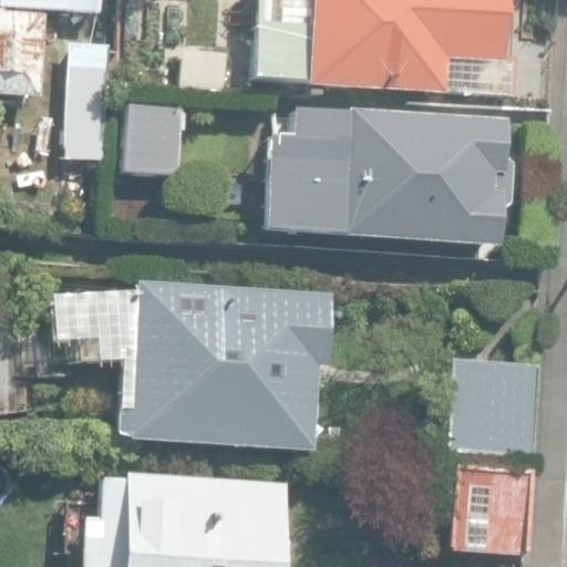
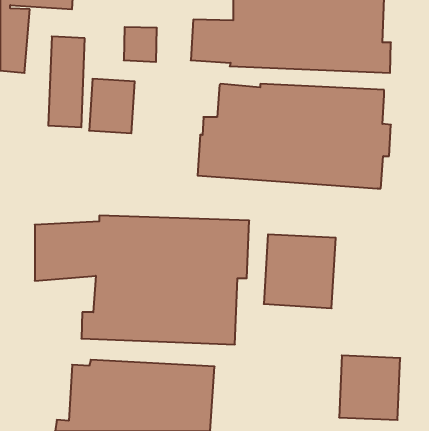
building: [443,359,537,455] -> [264,234,336,308]

